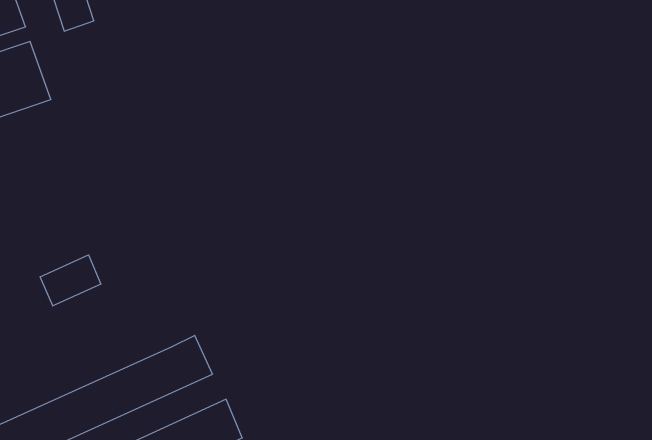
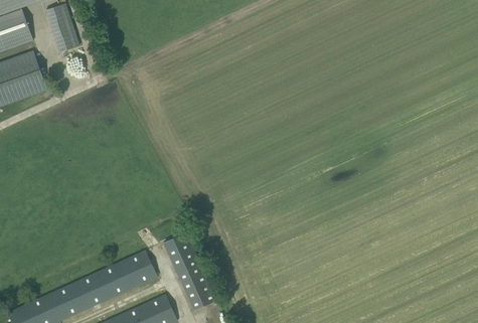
building: [40,255,101,306] -> none
building: none -> [162,231,216,310]

